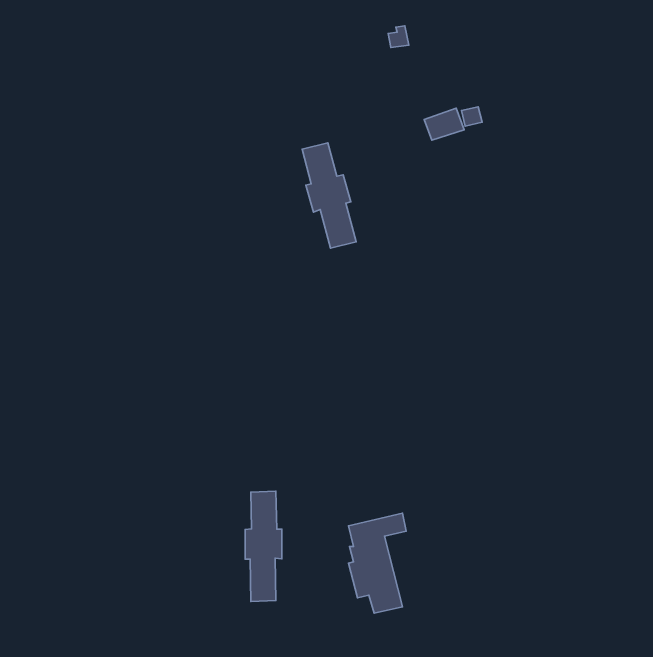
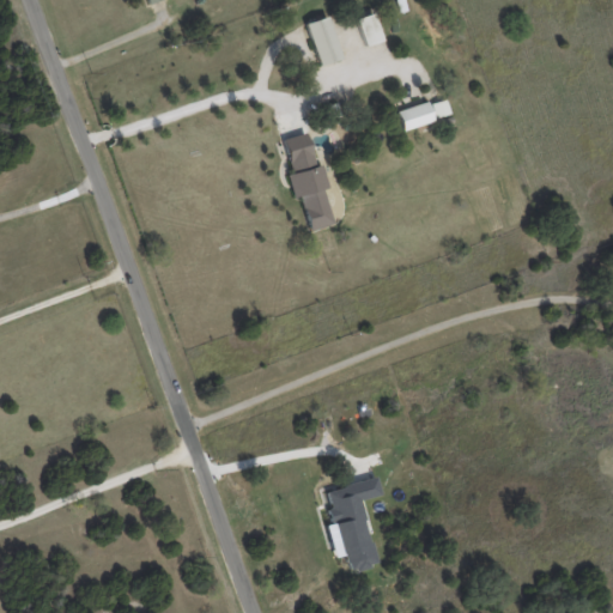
building: none -> [308,16,344,66]
building: [245,491,282,601] -> none

